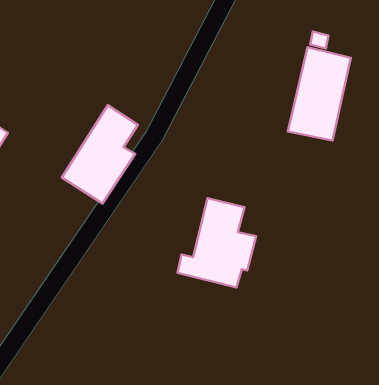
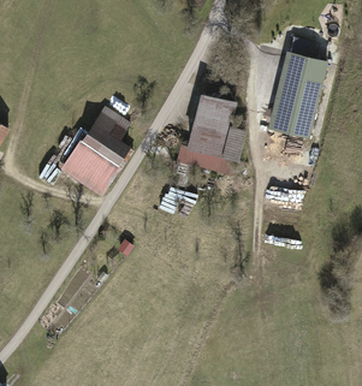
building: [177,198,256,287] -> [174,95,247,177]

